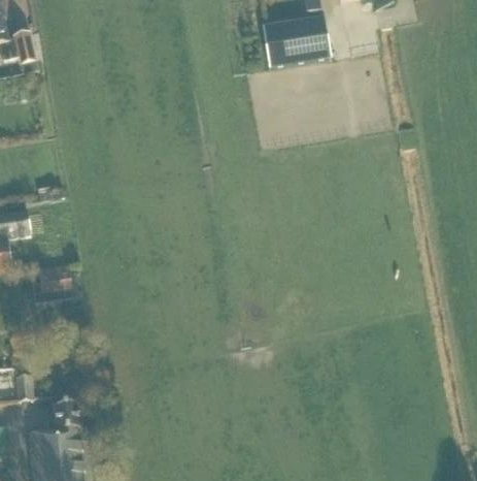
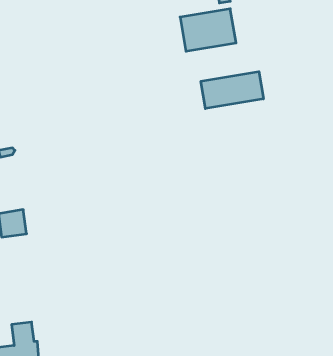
building: none -> [201,72,263,109]

